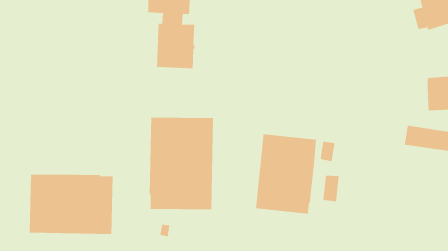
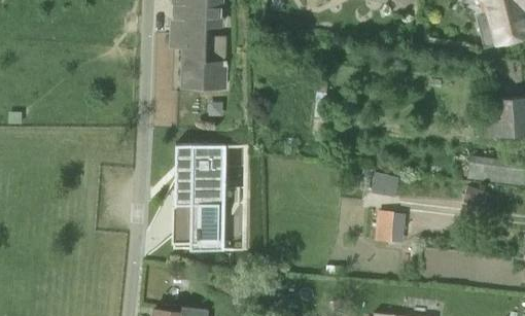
building: [256,133,317,215] -> none
building: [29,174,113,235] -> none

